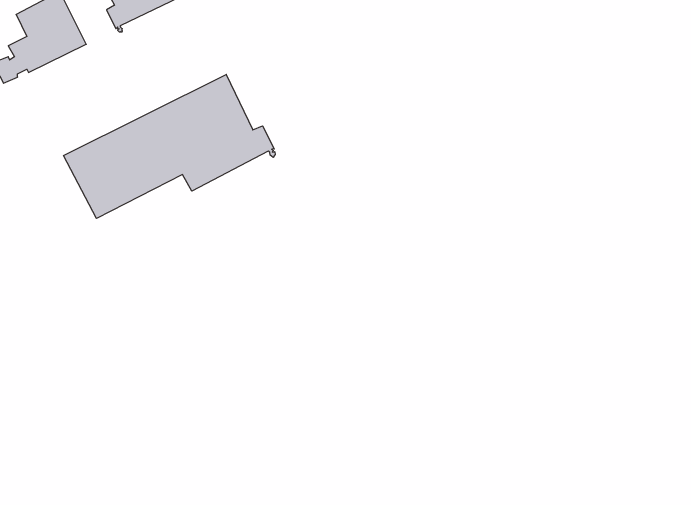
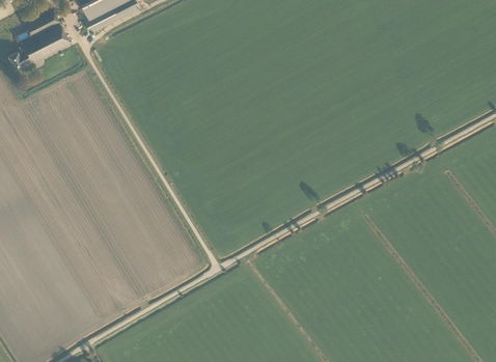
building: [64,74,275,218] -> none

